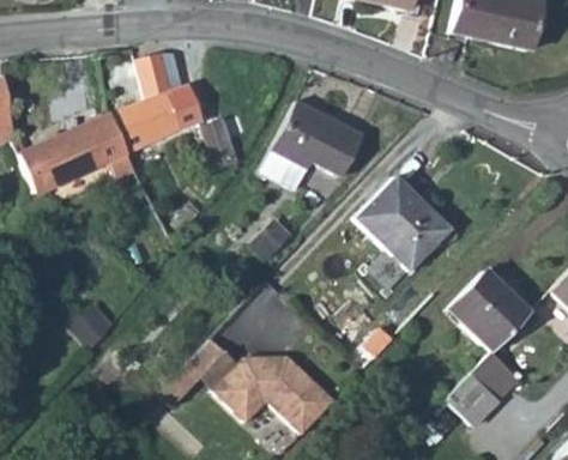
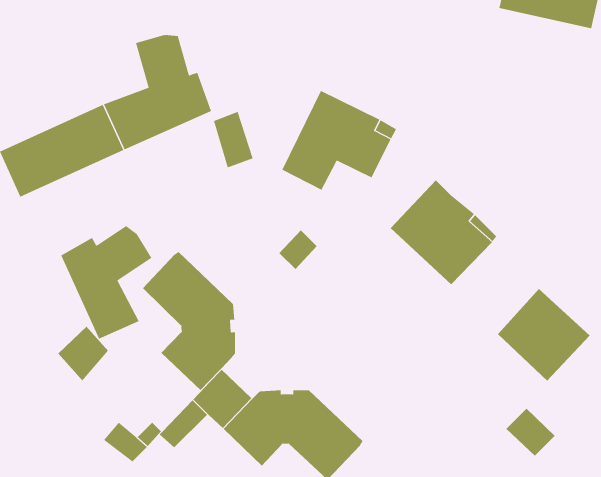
building: none -> [61,225,152,340]
building: none -> [142,251,236,391]
building: [472,351,520,398] -> none

